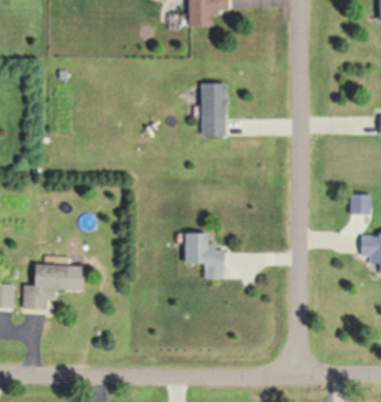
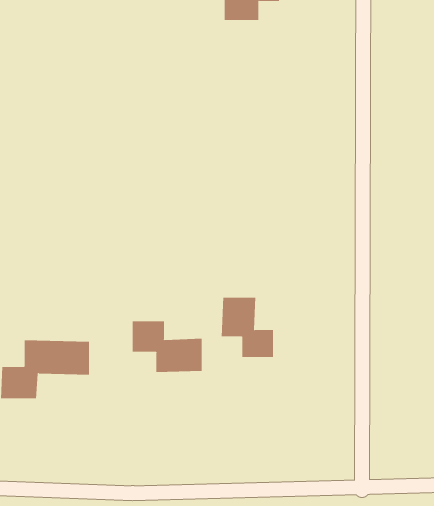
building: [201,82,227,136] -> none
building: none -> [132,321,202,373]

